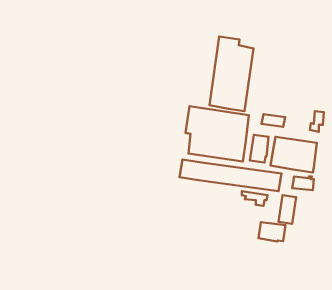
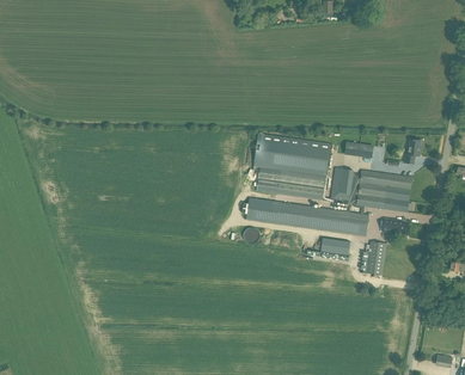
building: [209,37,254,111] -> none
building: [259,222,286,242] -> none

